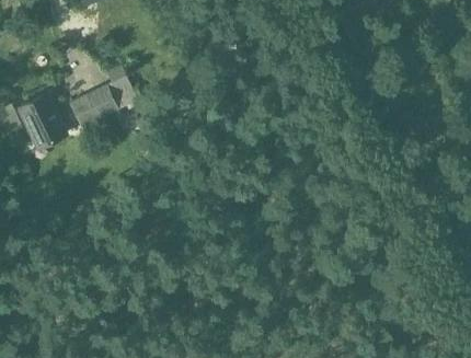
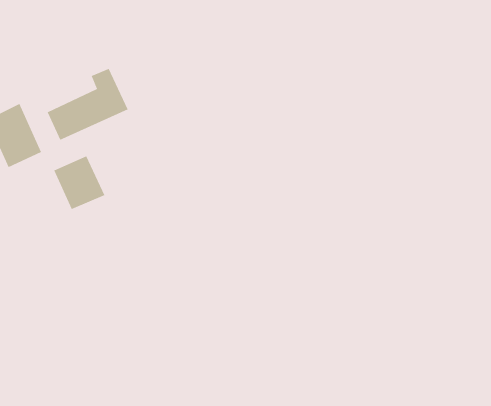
building: none -> [53,155,105,210]

